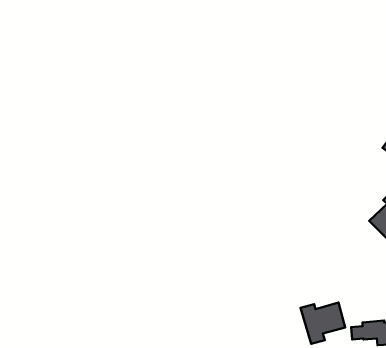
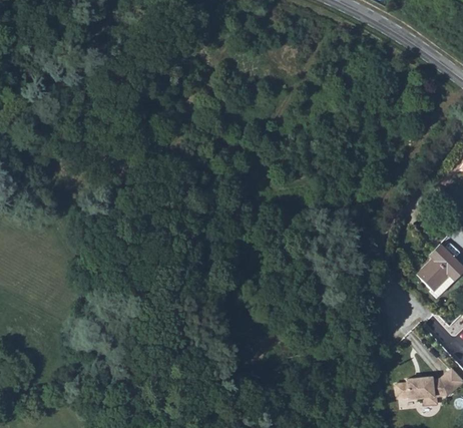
building: [301,302,345,344] -> none

